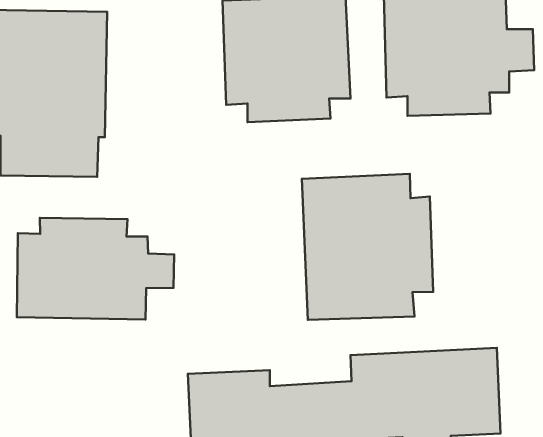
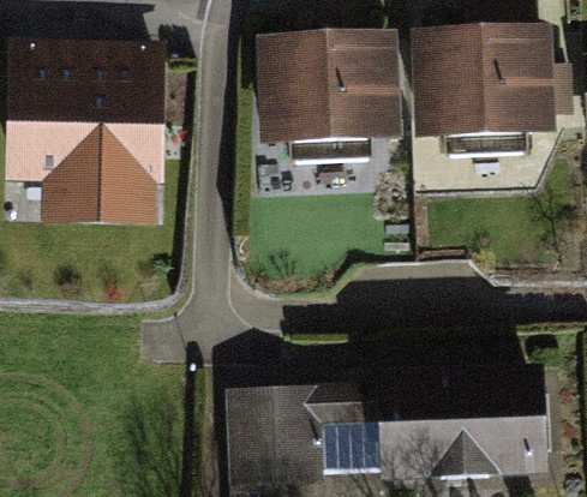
building: [302,174,433,320] -> none
building: [17,218,174,320] -> none

